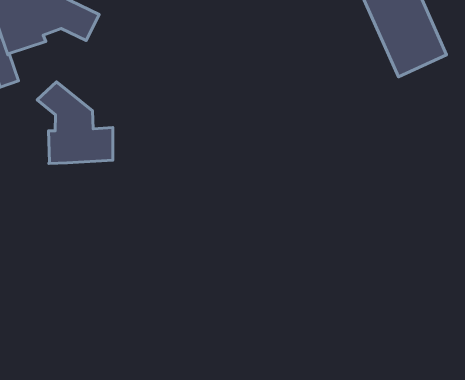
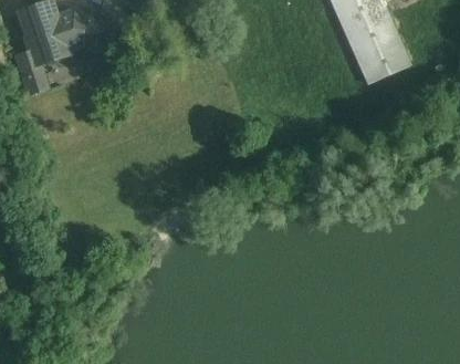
building: [37,82,113,163] -> none

